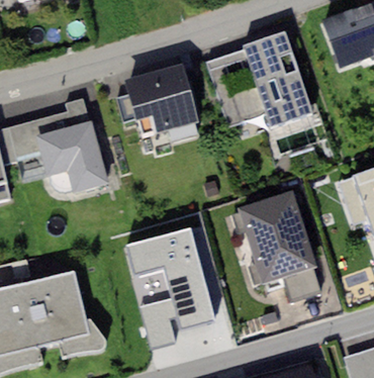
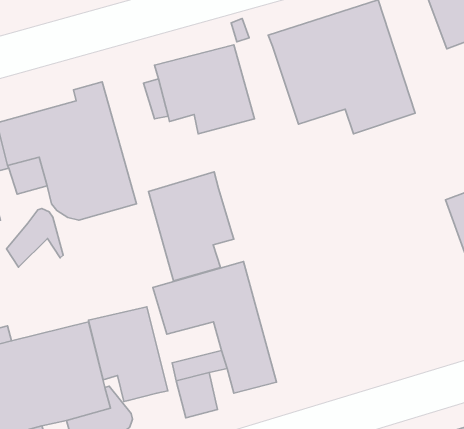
building: none -> [148,172,234,281]
building: none -> [7,208,63,267]
building: [238,191,320,300] -> none
building: none -> [89,307,168,402]

